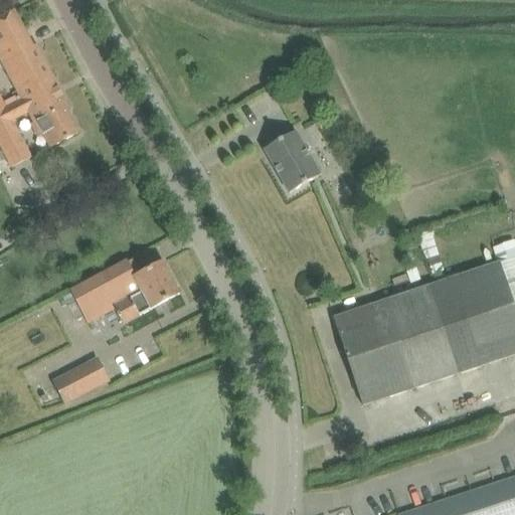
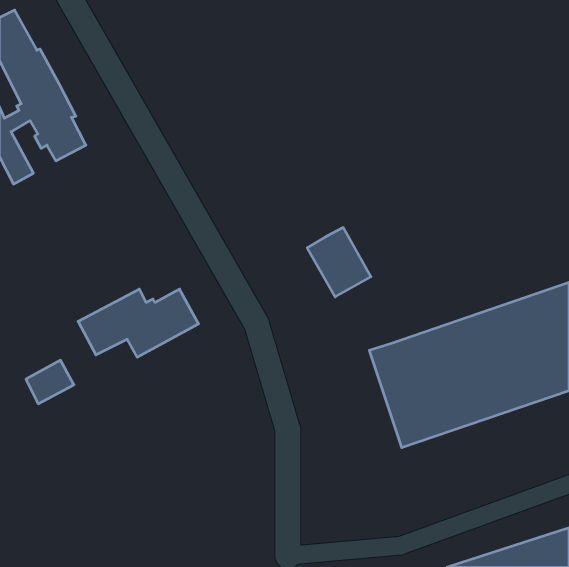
building: [264,129,321,191] -> [307,228,371,297]
building: [66,356,110,395] -> [26,360,74,404]

